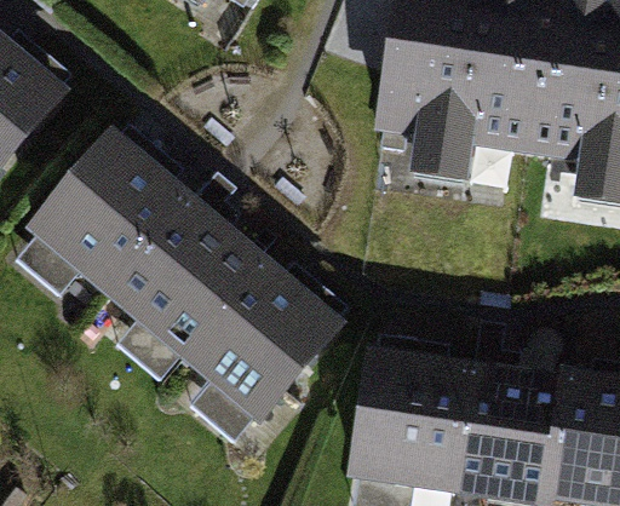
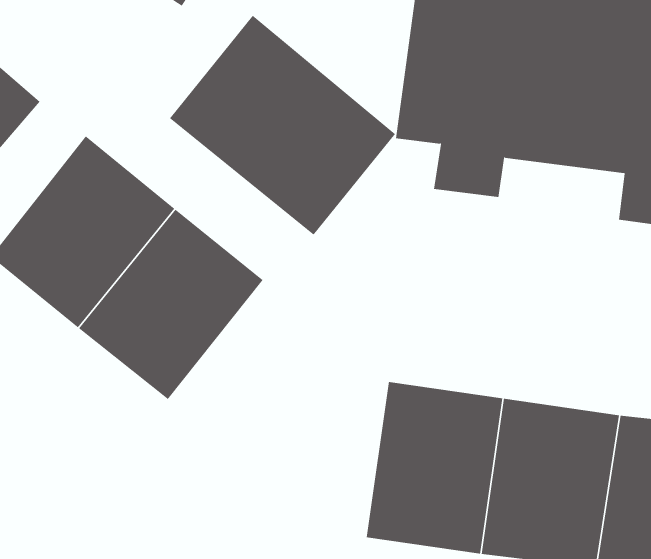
building: none -> [169,15,396,236]
building: [183,253,343,418] -> none

